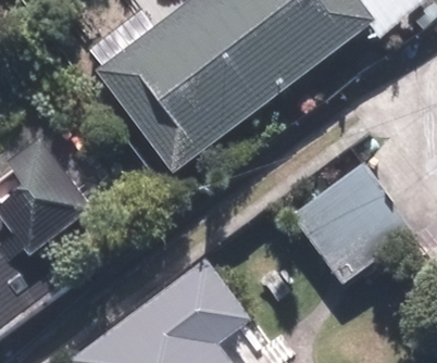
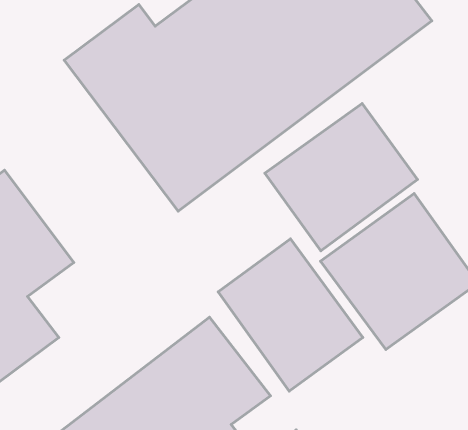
building: none -> [265,104,418,251]
building: none -> [218,239,363,391]

